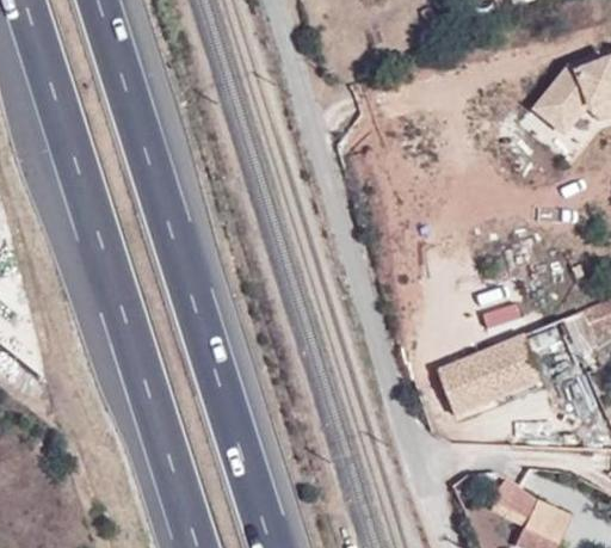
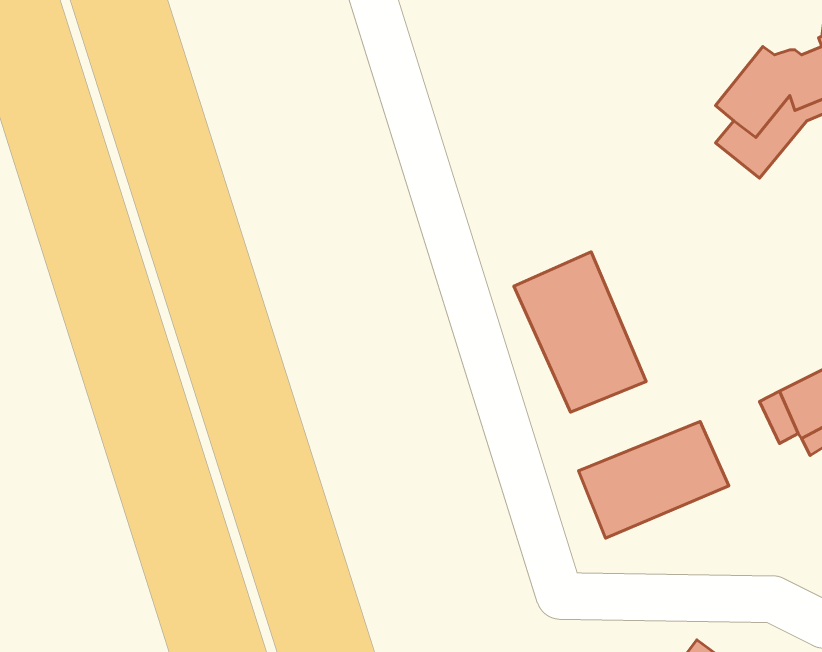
building: none -> [514,252,646,412]

